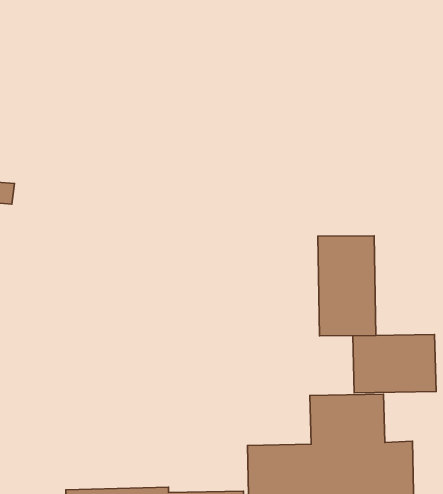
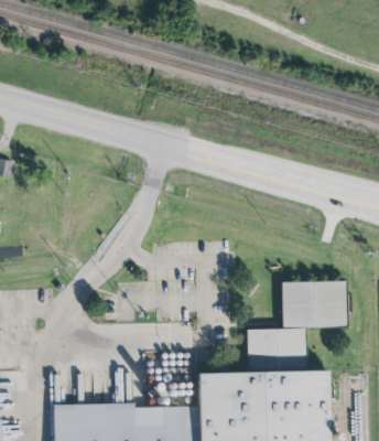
building: [318,236,376,336] -> none

